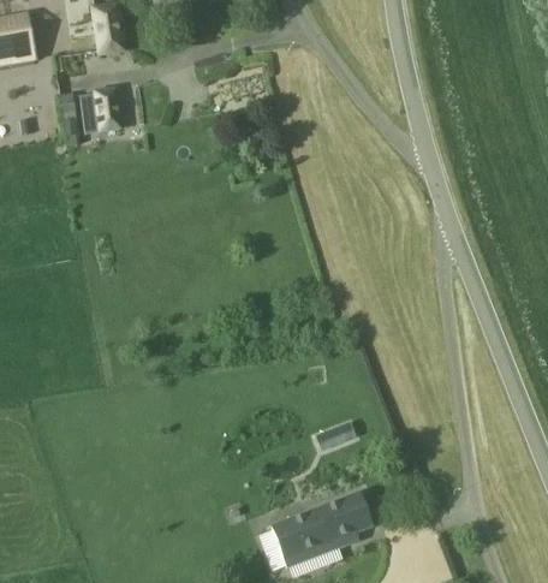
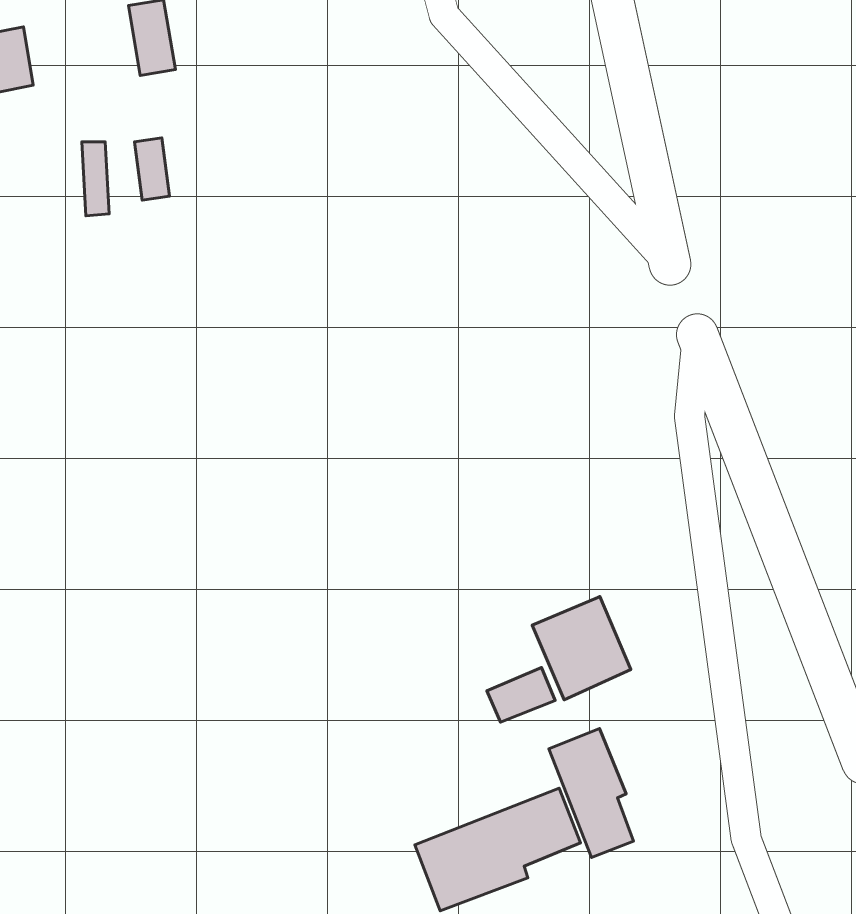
building: none -> [532,596,631,700]
building: none -> [549,728,634,858]

